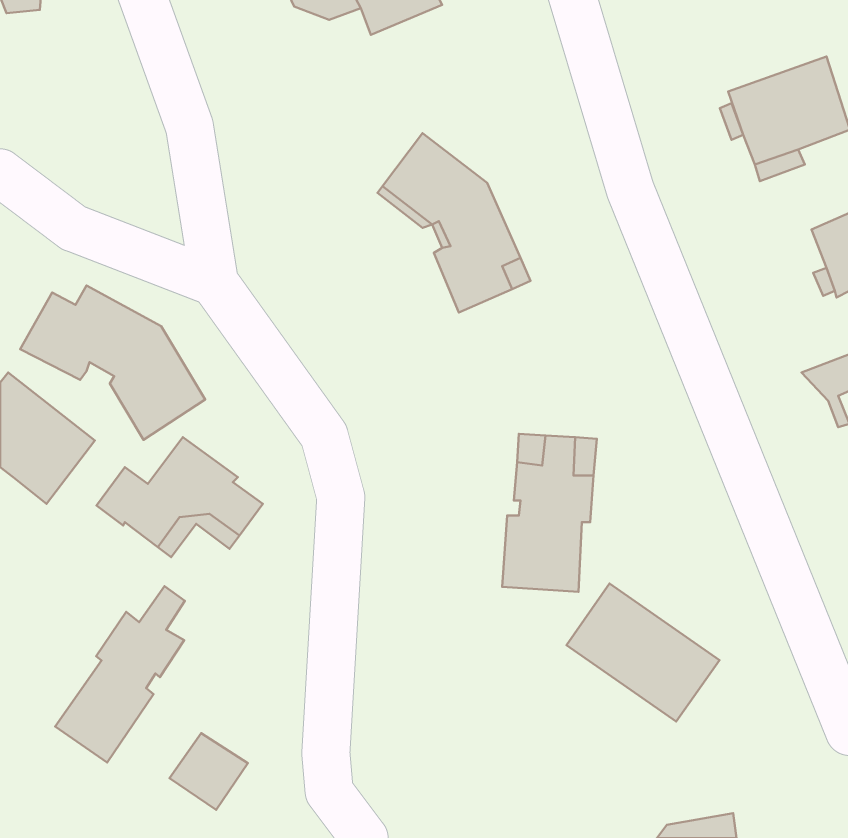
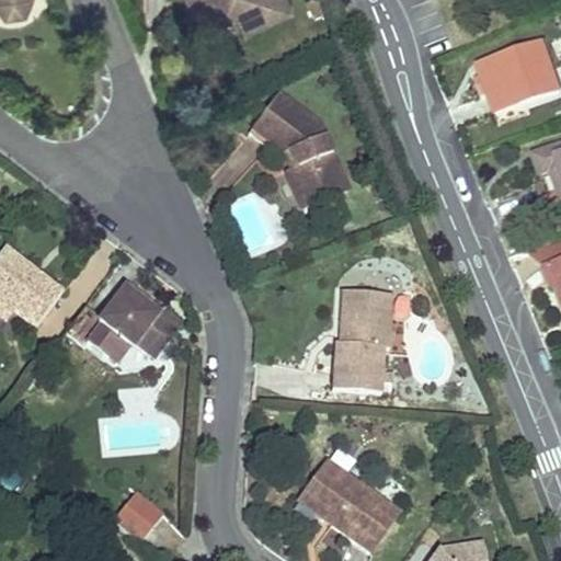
building: [20,285,205,440] -> none
building: [566,584,719,722] -> [299,457,400,548]
building: [55,586,185,763] -> none

